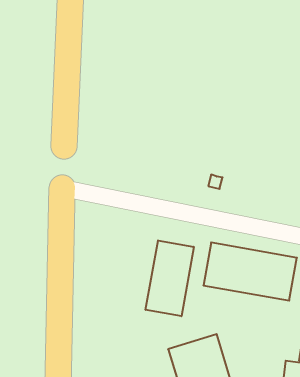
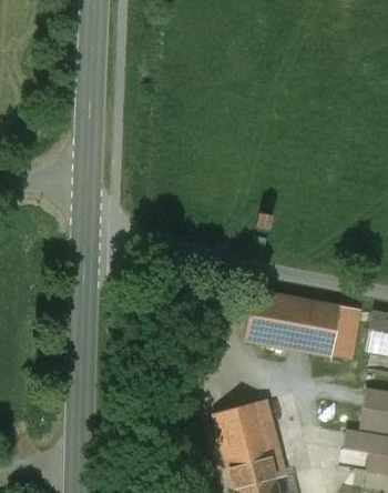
building: [146,240,194,316] -> none

